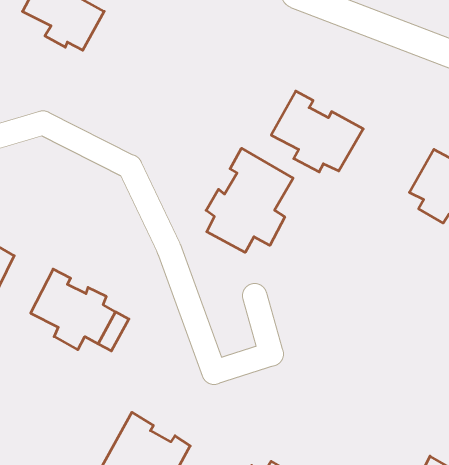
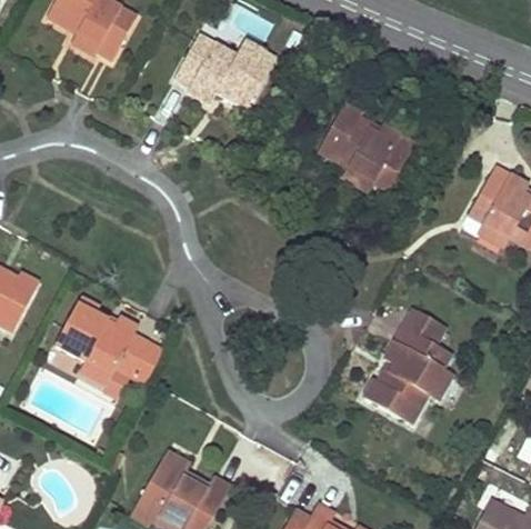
building: none -> [176,33,275,109]
building: [206,148,293,252] -> none
building: none -> [363,307,453,423]

